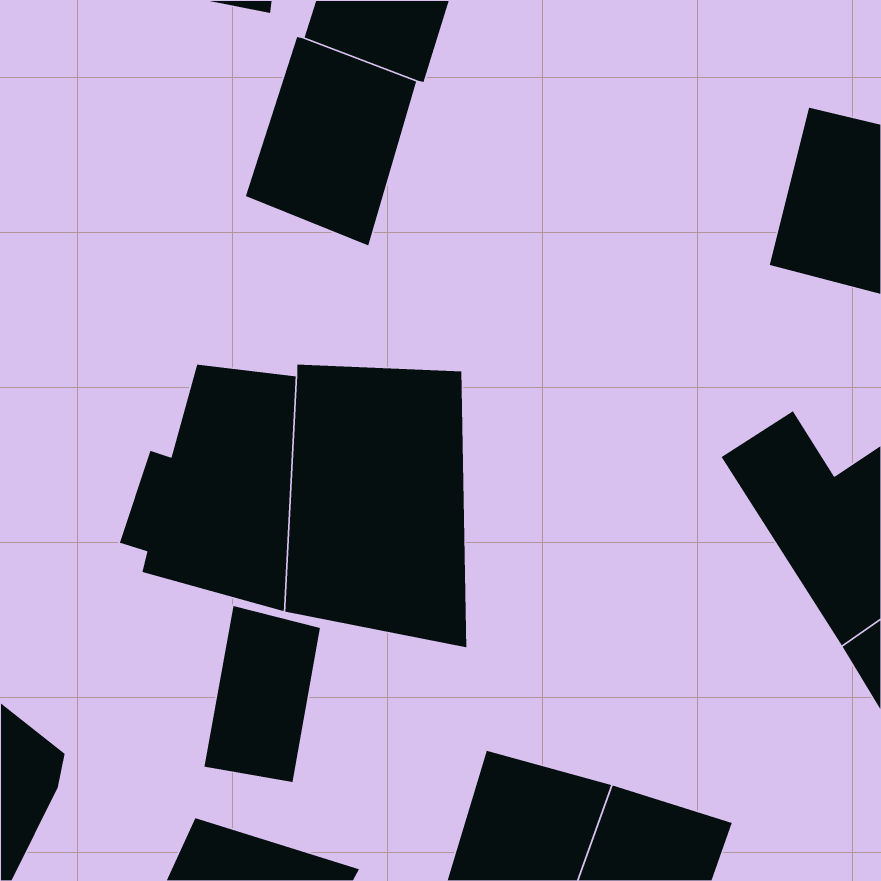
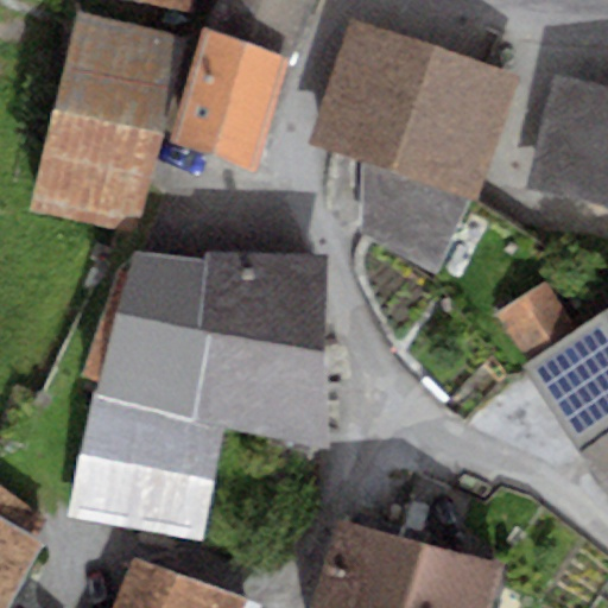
building: none -> [28,10,177,230]
building: none -> [315,21,517,271]
building: none -> [66,398,160,528]

